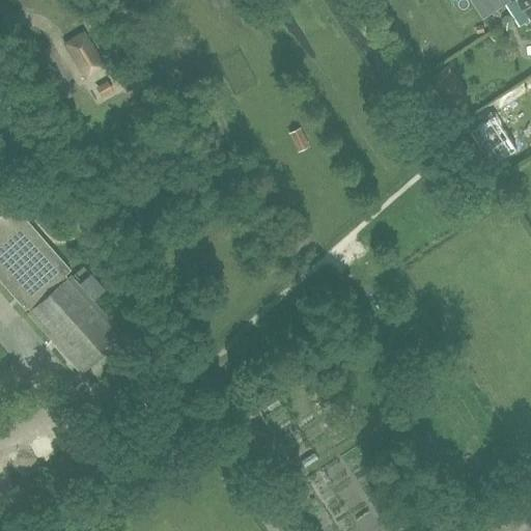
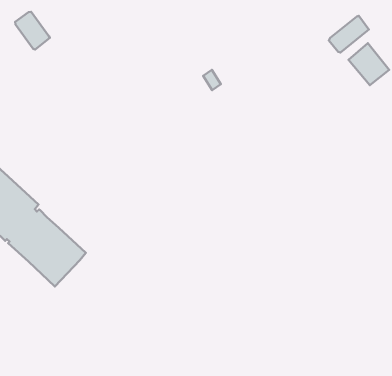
building: none -> [329,16,369,52]

